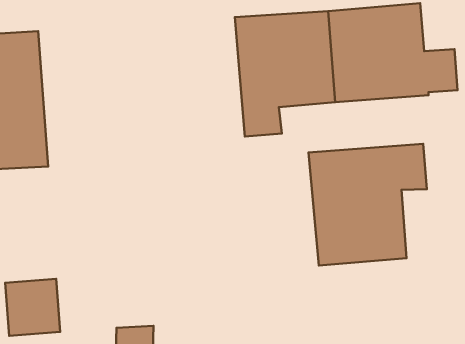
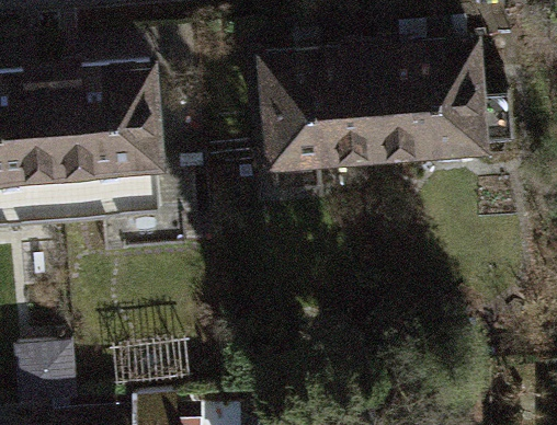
building: none -> [45,70,154,226]
building: [309,144,427,265] -> none

